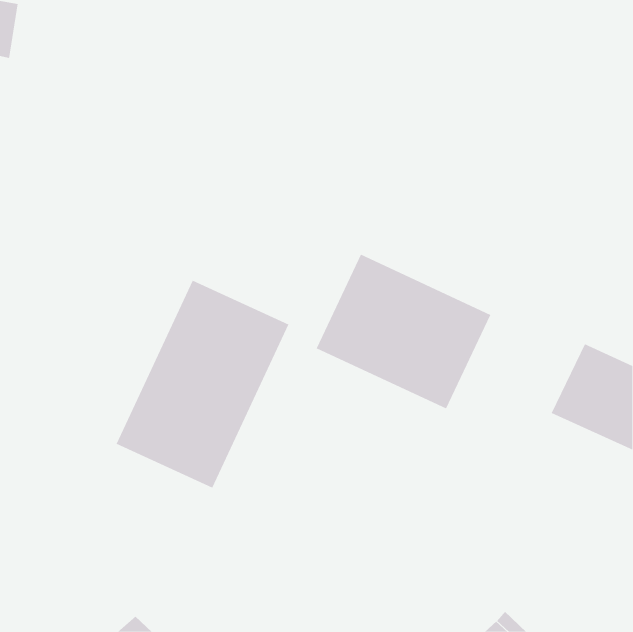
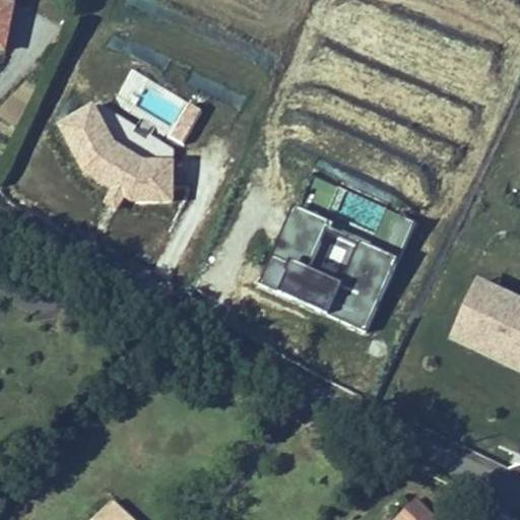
building: none -> [58,100,175,199]
building: [116,280,289,488] -> none

